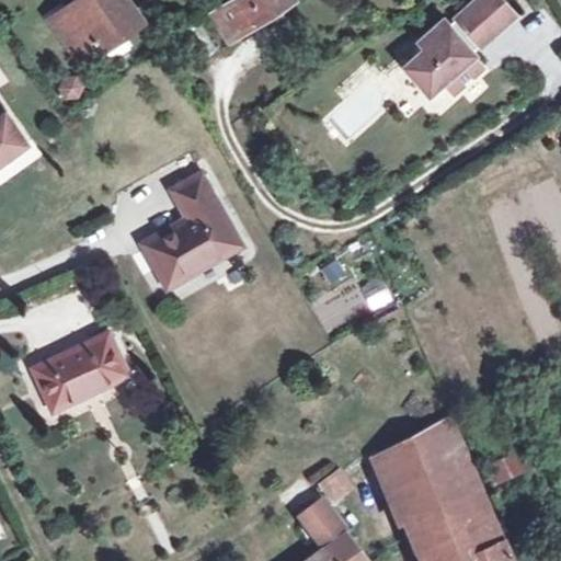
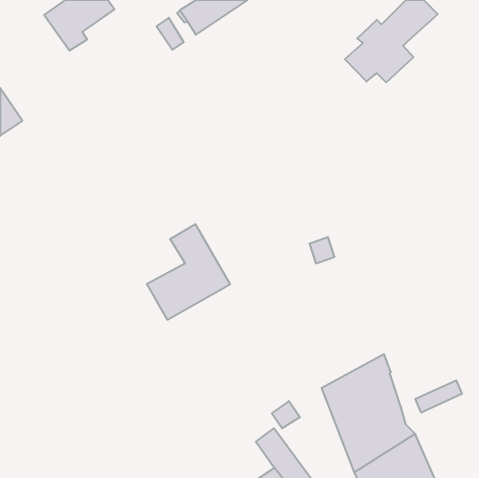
building: [145,173,242,285] -> [147,224,230,320]
building: [34,332,127,409] -> none

